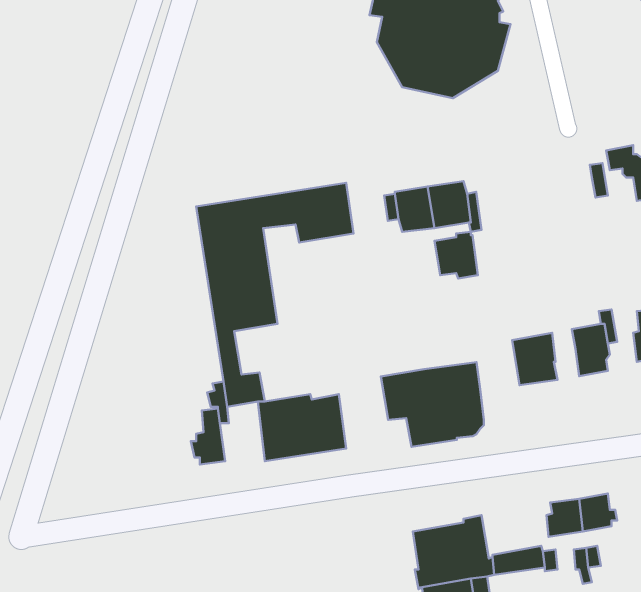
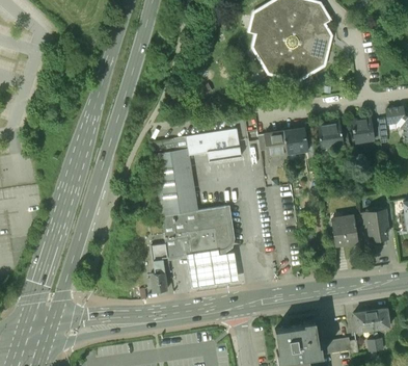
building: none -> [352,116,375,140]
building: [435,232,478,279] -> [319,121,344,148]
building: [381,362,484,447] -> [172,205,232,254]

